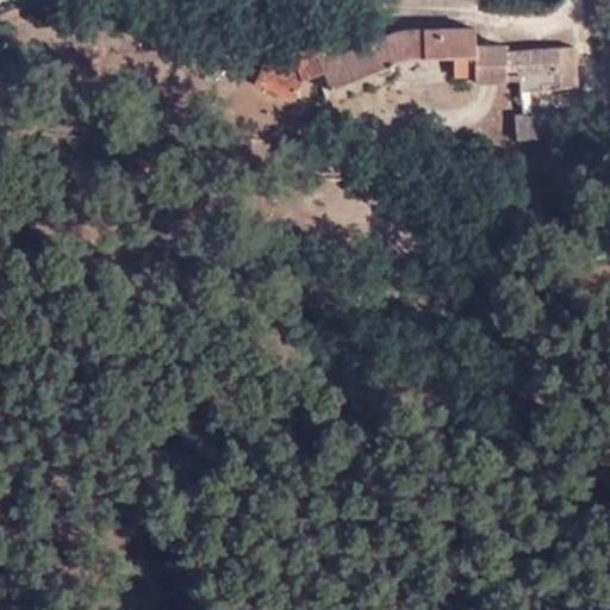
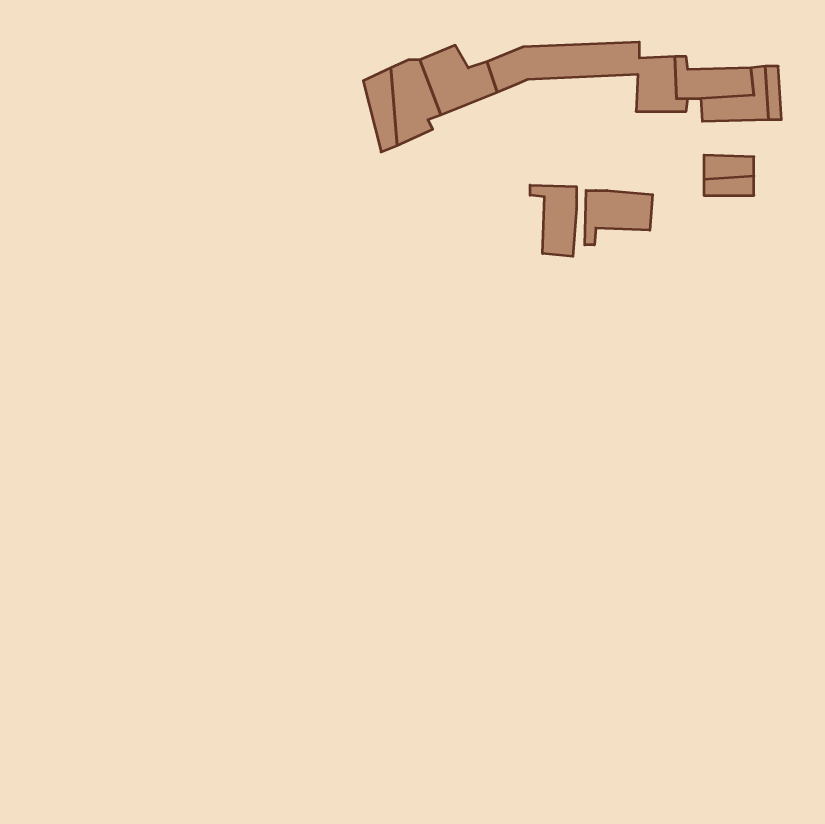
building: none -> [530,185,576,256]
building: none -> [585,190,653,245]

